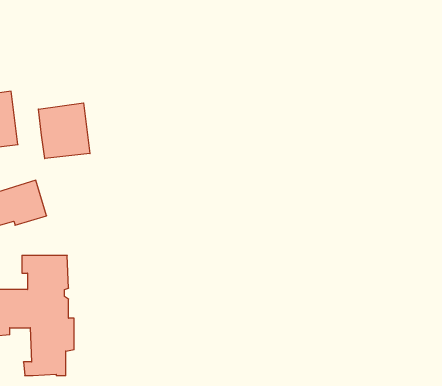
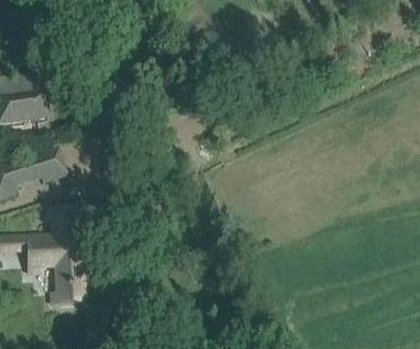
building: [38,103,90,159] -> none

